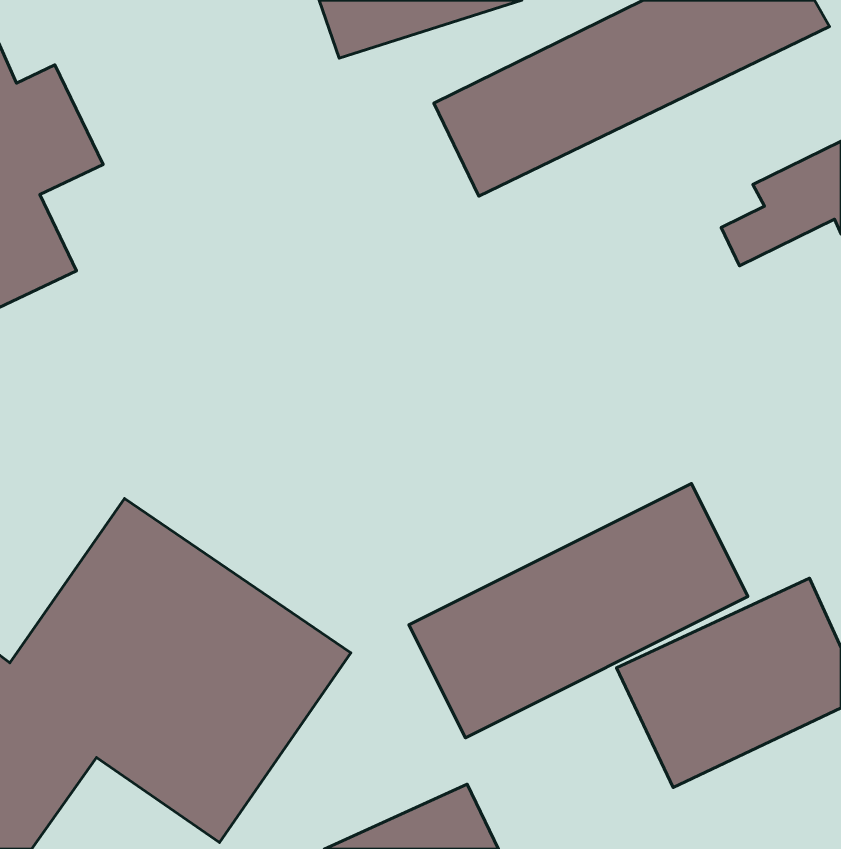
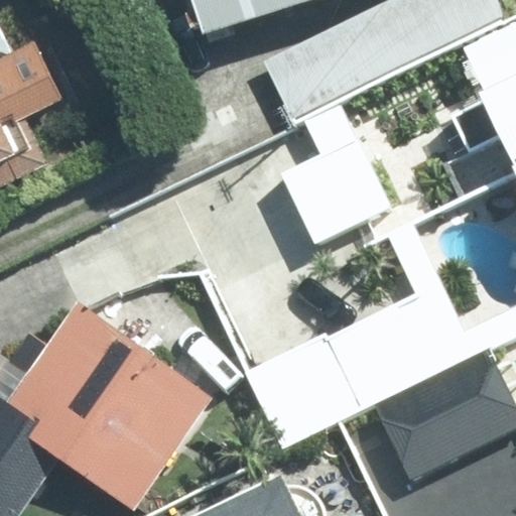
building: none -> [277,109,393,245]

